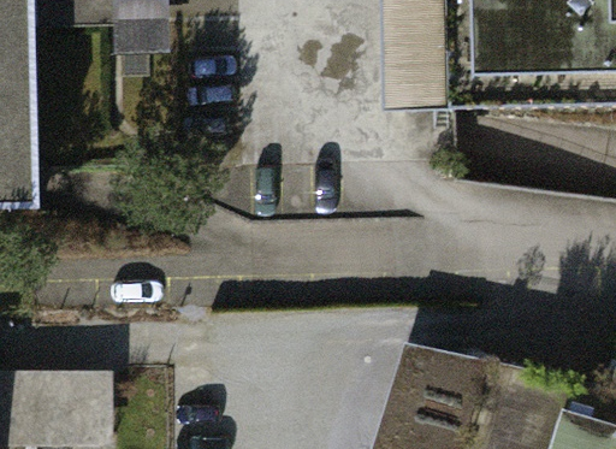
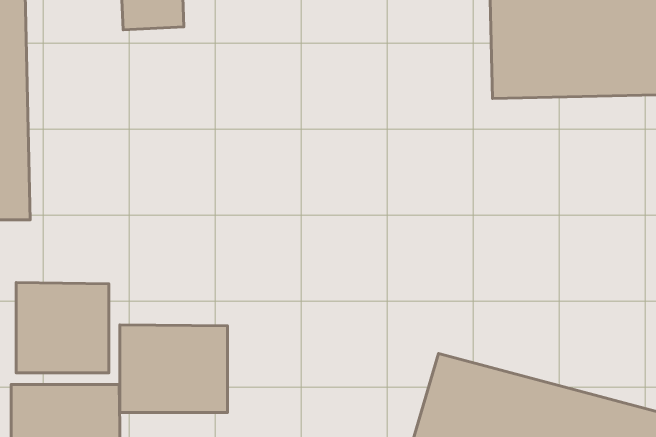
building: none -> [16,283,109,373]
building: none -> [120,325,228,412]

